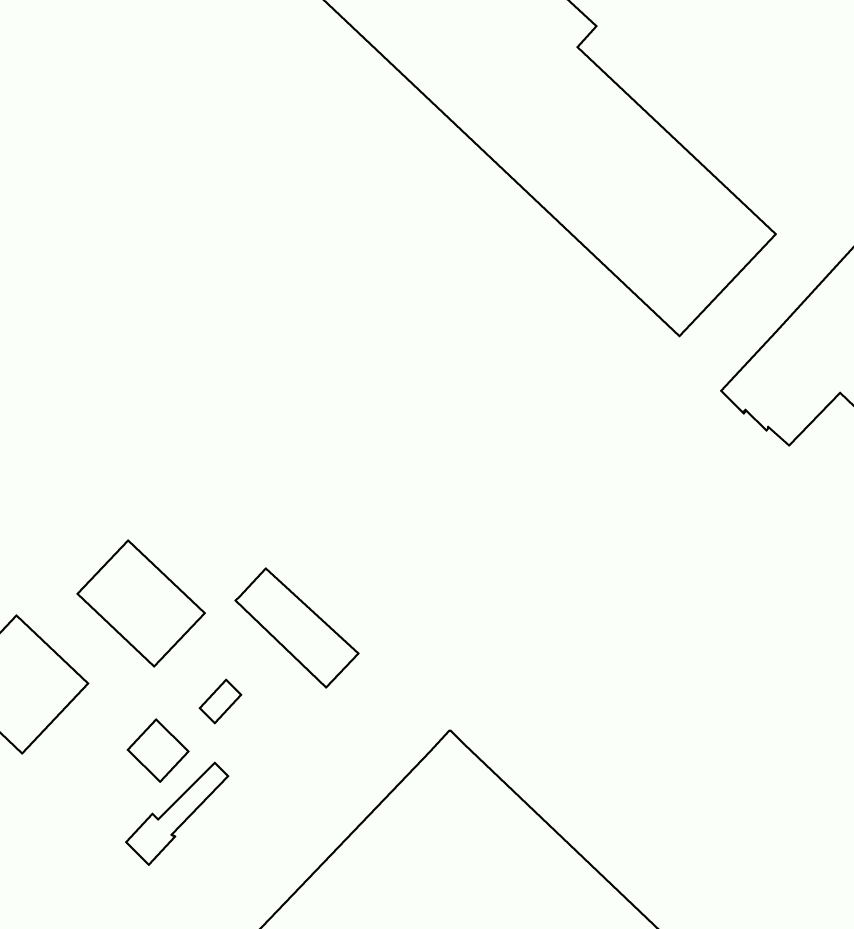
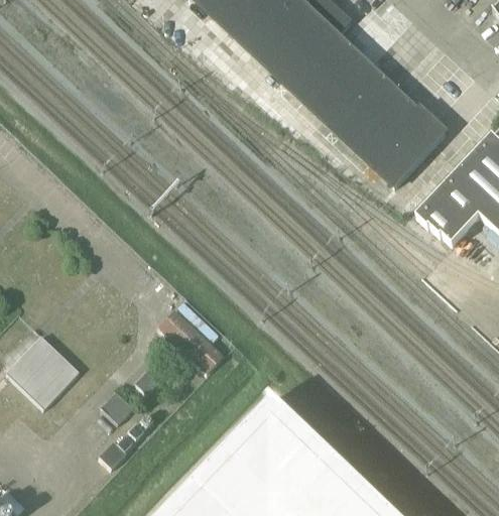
building: [78,541,205,666] -> none

